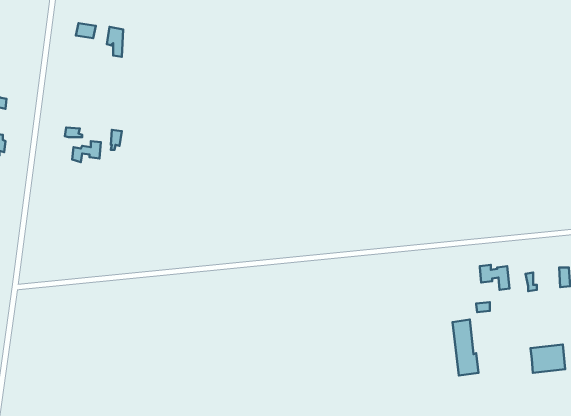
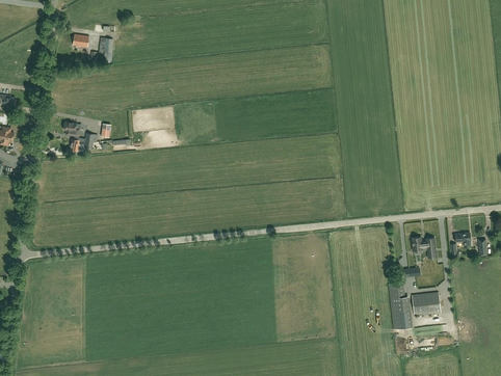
building: [531,344,565,373] -> [411,293,440,317]

